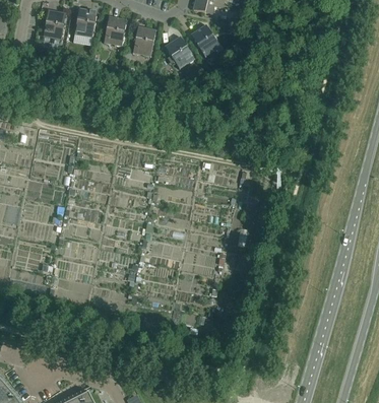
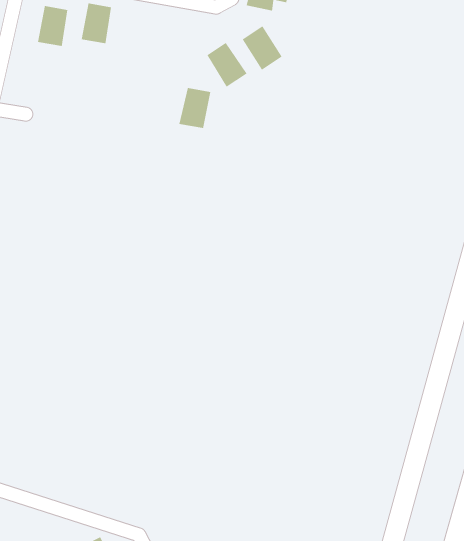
building: [104,15,126,45] -> none
building: [132,25,155,55] -> [179,88,211,129]

